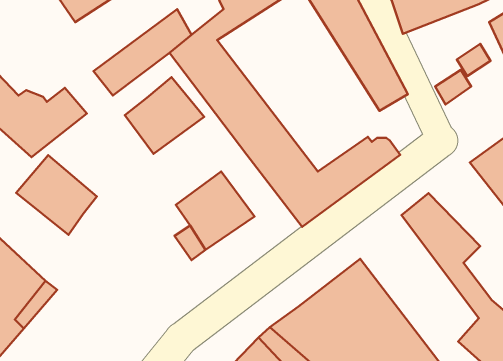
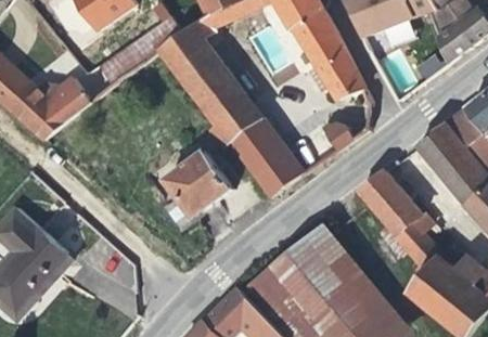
building: [125,77,204,154] -> none
building: [16,155,97,235] -> none

